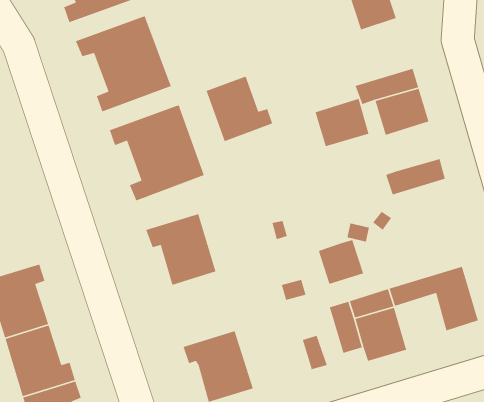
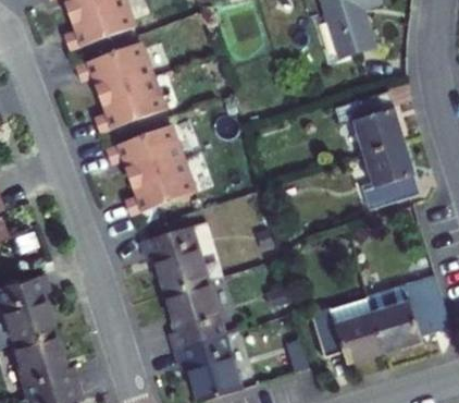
building: [205,76,273,142] -> none
building: [315,98,370,147] -> [364,142,415,187]
building: [318,239,364,285] -> none
building: none -> [166,281,225,351]
building: none -> [373,302,423,354]

